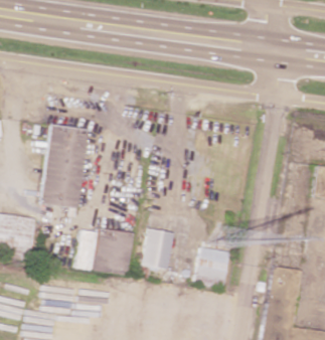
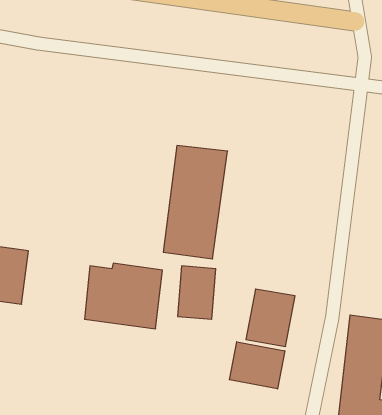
building: [42,125,90,208] -> [163,146,228,259]
building: none -> [229,342,285,389]

